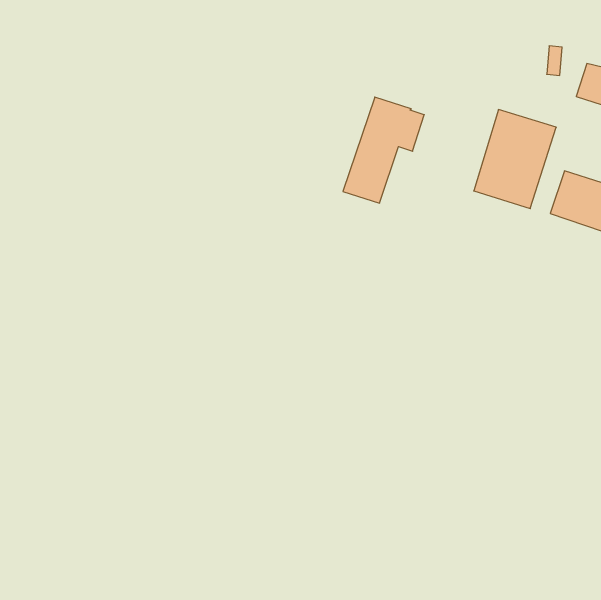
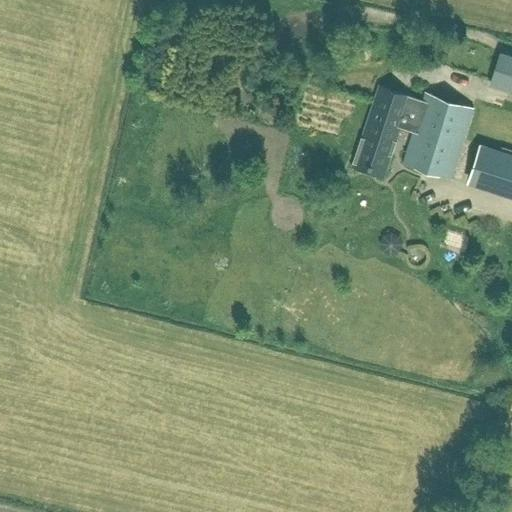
building: [343,97,424,203] -> [352,88,421,178]

